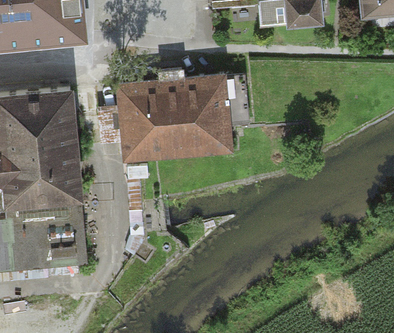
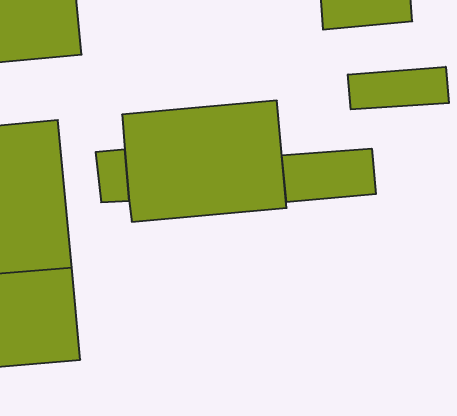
building: none -> [348,67,449,109]
building: none -> [282,149,376,202]

